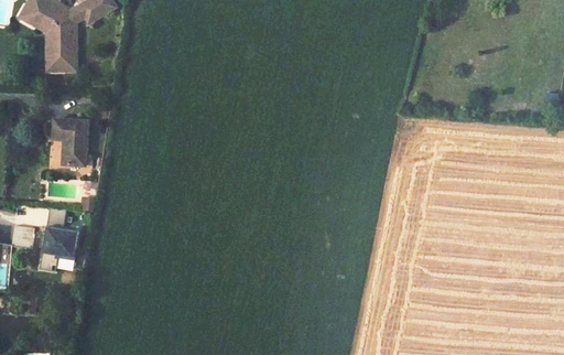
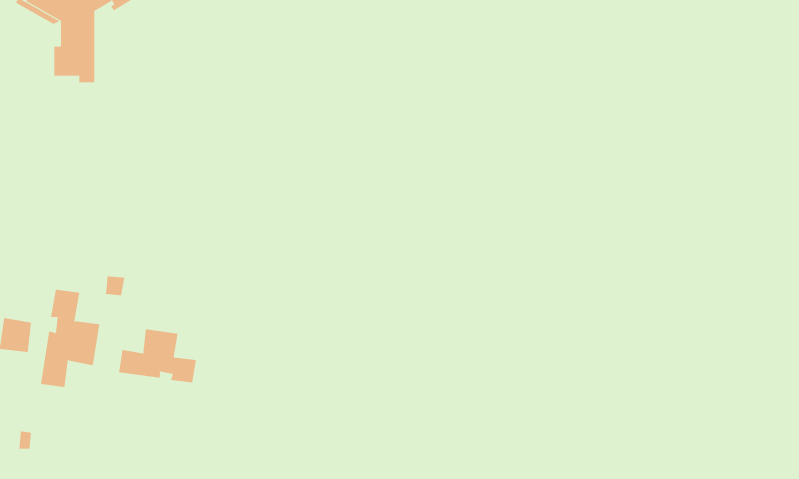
building: [52,120,86,166] -> none
building: none -> [118,329,196,383]

